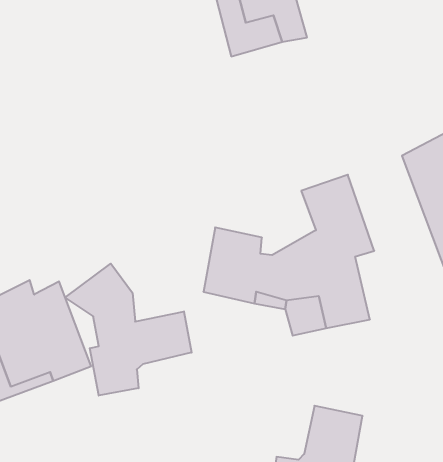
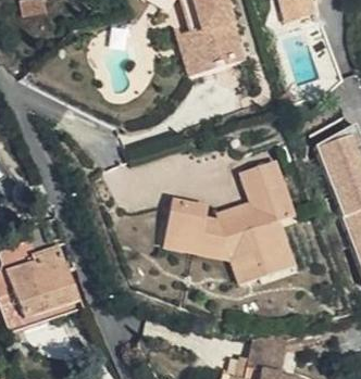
building: [65,264,192,396] -> none

